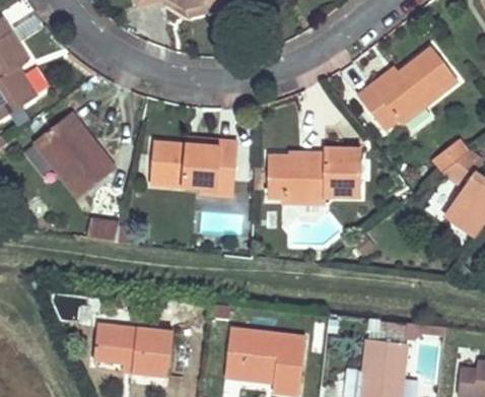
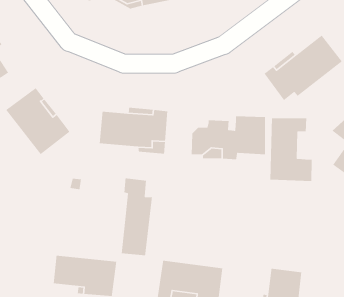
building: none -> [269,118,313,182]
building: none -> [121,178,153,256]

